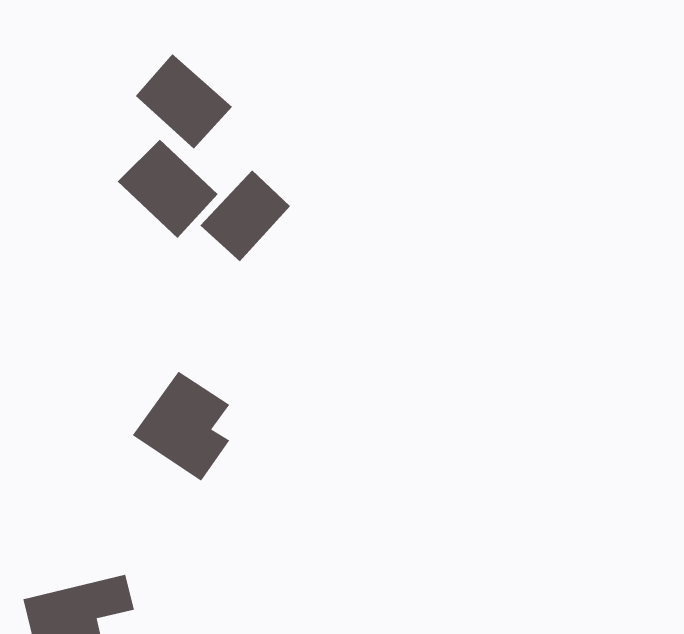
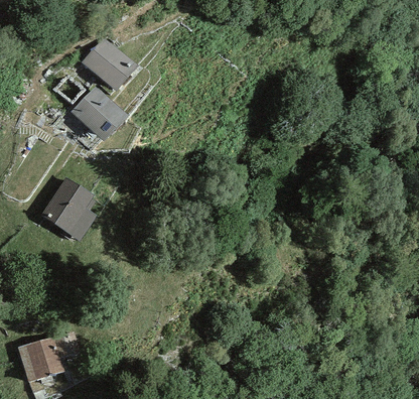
building: [199,169,291,262] -> none
building: [132,371,230,481] -> [40,177,96,240]

